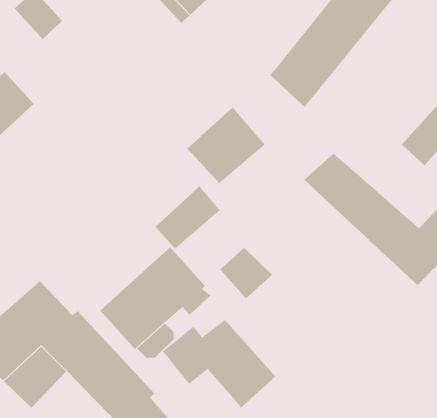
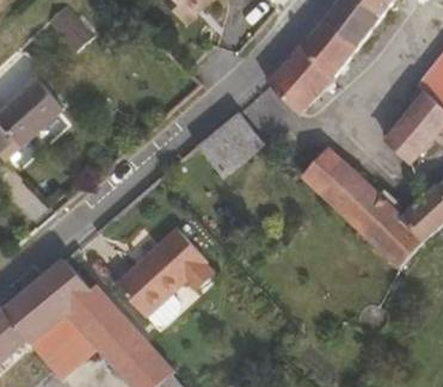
building: [155,186,220,249] -> none
building: [219,247,273,299] -> none
building: [162,319,276,408] -> none

